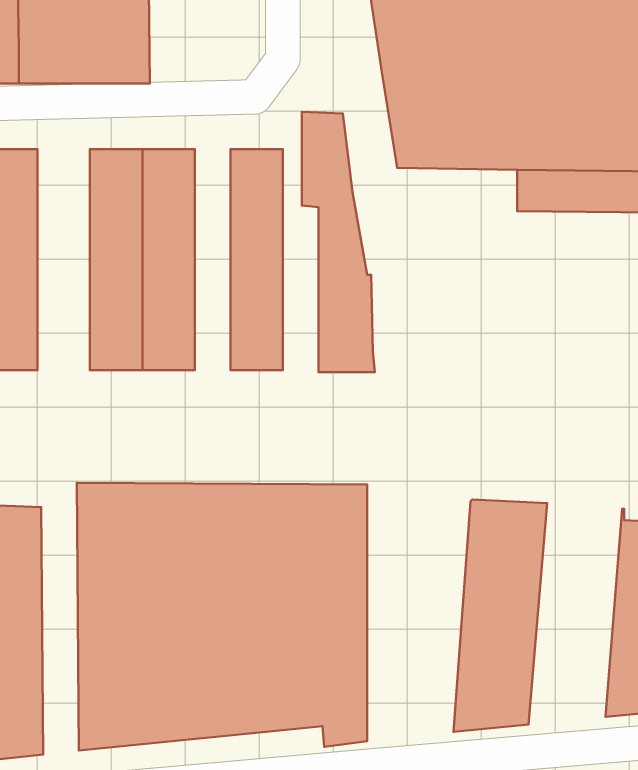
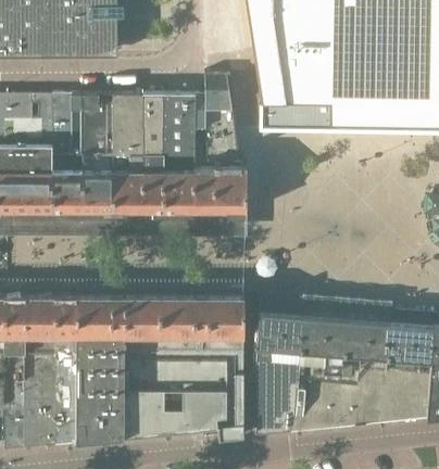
building: none -> [51,96,81,224]
building: none -> [142,96,163,224]
building: none -> [193,96,214,225]
building: none -> [259,106,329,131]
building: none -> [53,289,75,446]
building: none -> [255,295,302,438]
building: none -> [336,301,390,429]

